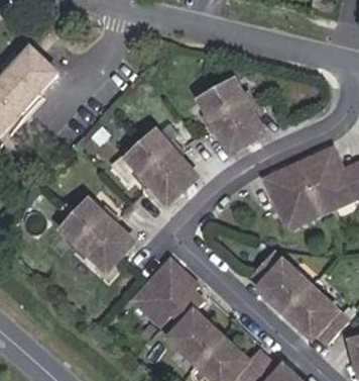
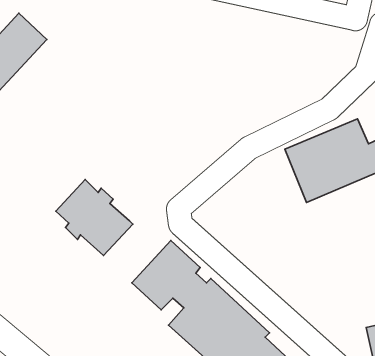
building: [199,79,265,152] -> none
building: [126,134,197,206] -> none
building: [249,252,345,345] -> none

